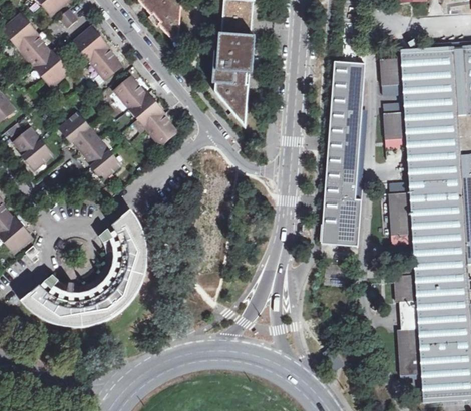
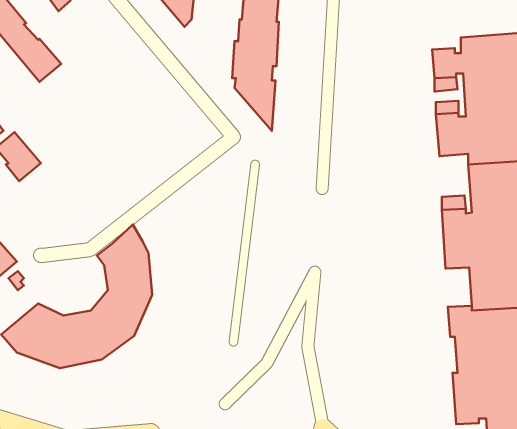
building: [74,27,122,79] -> none
building: [322,62,366,247] -> none
building: [115,77,177,145] -> none
building: [60,113,121,180] -> none

